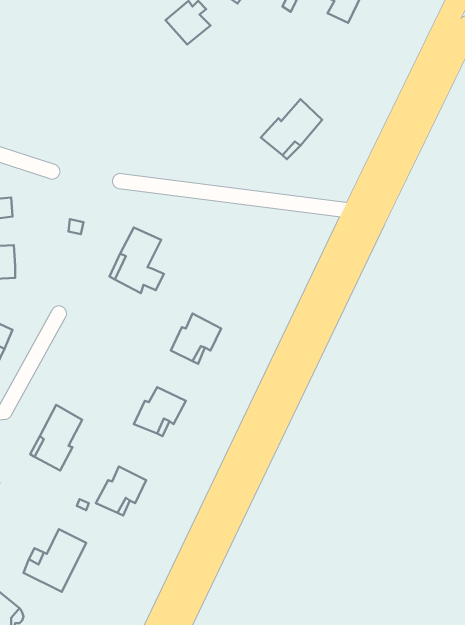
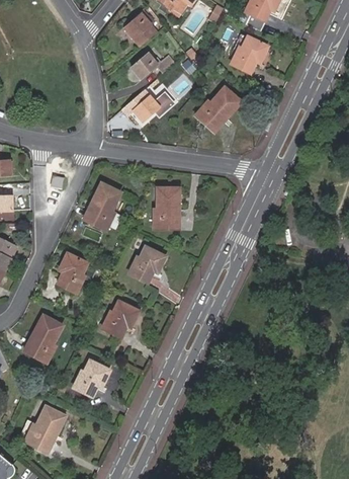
building: none -> [231,36,267,73]
building: none -> [130,52,174,78]
building: none -> [132,85,172,122]
building: none -> [153,187,178,229]
building: none -> [57,252,98,293]

